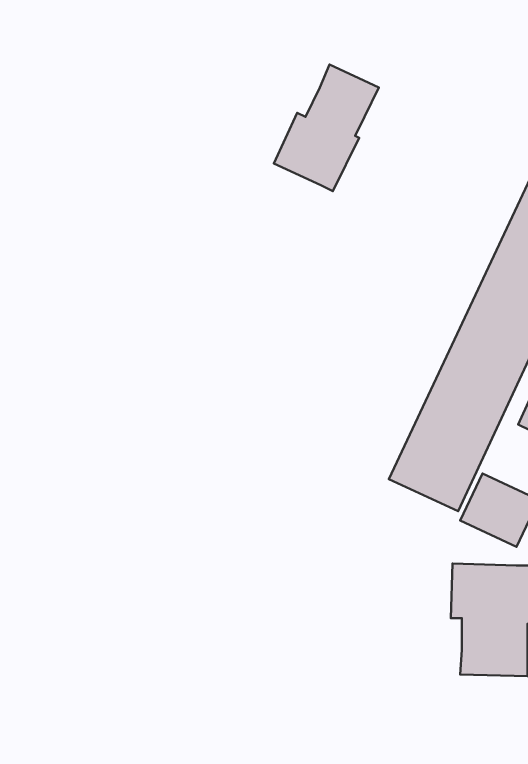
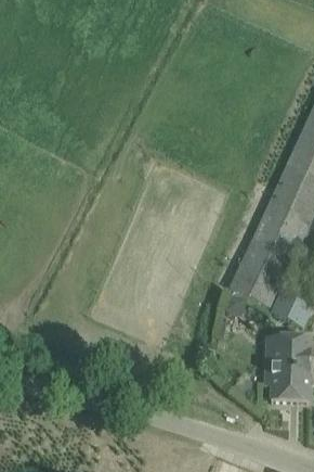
building: [274,65,379,191] -> none

